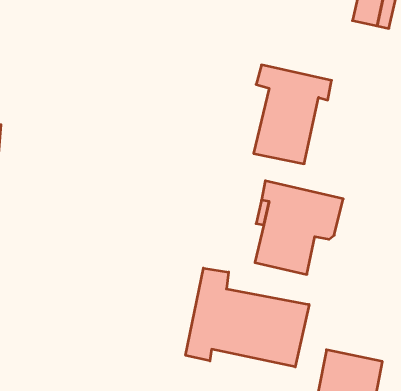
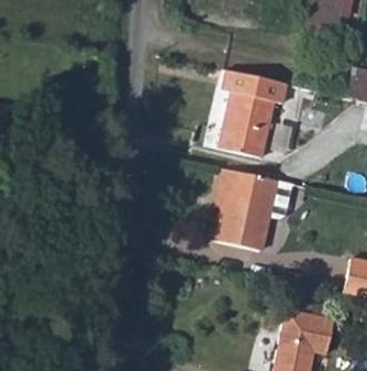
building: [186,268,309,367] -> none

